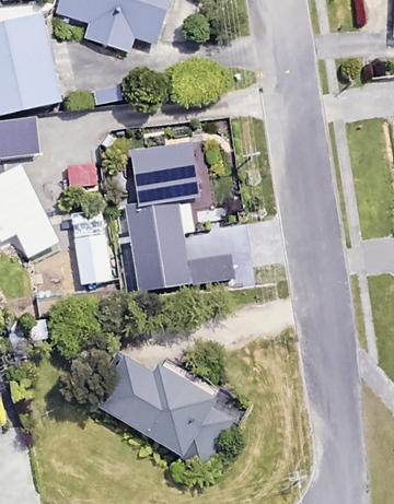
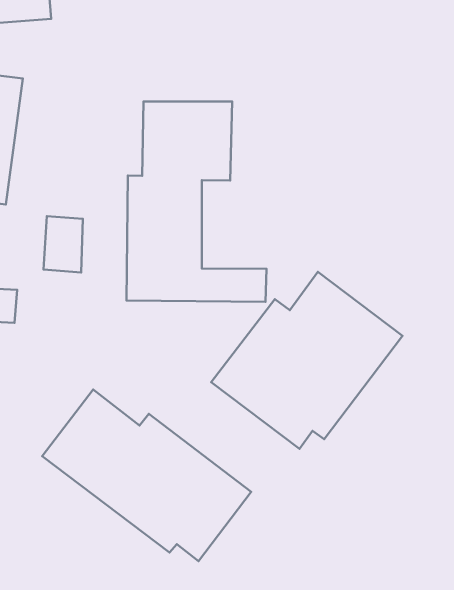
building: none -> [211,272,403,449]

